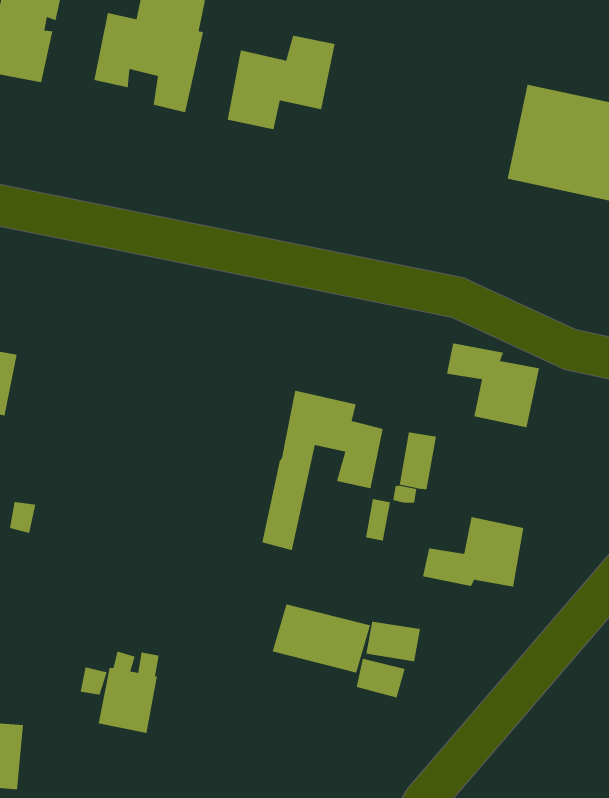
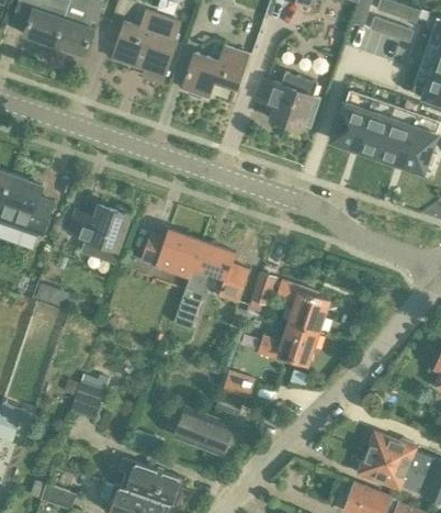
building: none -> [255,71,320,130]
building: [446,343,540,428] -> [276,280,328,332]
building: none -> [66,204,128,261]
building: none -> [140,230,201,278]
building: [272,604,371,673] -> [176,409,231,451]

